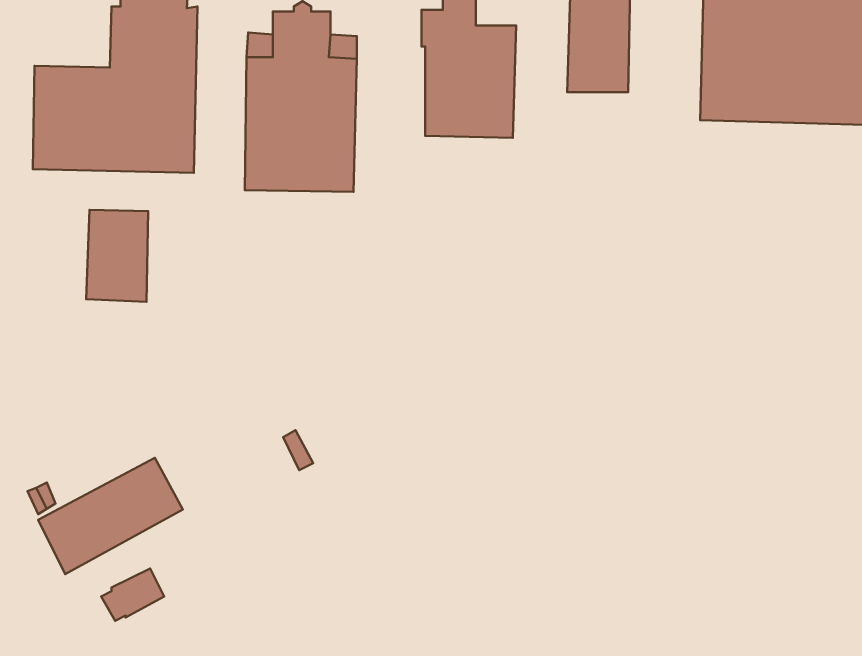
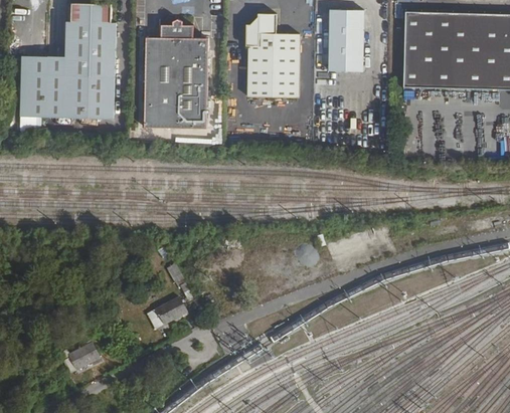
building: [86,210,148,302] -> none
building: [38,458,183,574] -> none
building: none -> [153,298,183,326]

